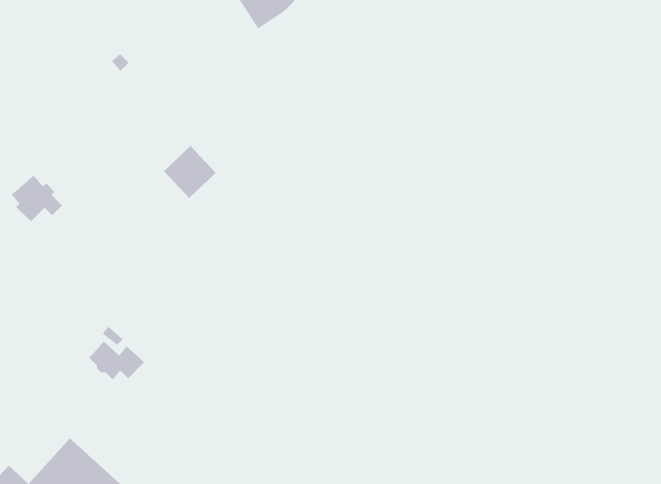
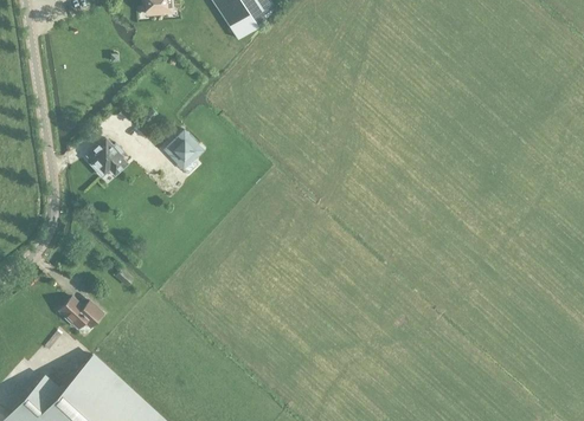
building: [11,175,63,222] -> [85,140,126,176]
building: [88,341,145,381] -> [58,297,102,328]

